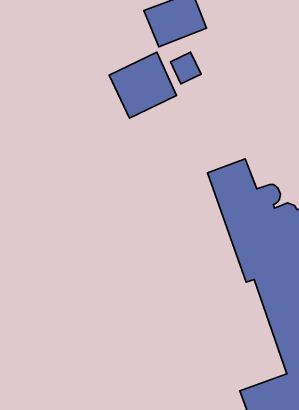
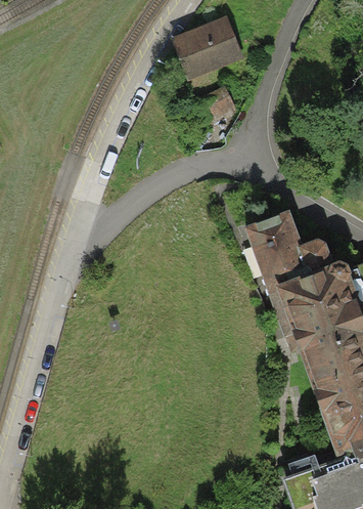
building: [109,52,177,118] -> none

